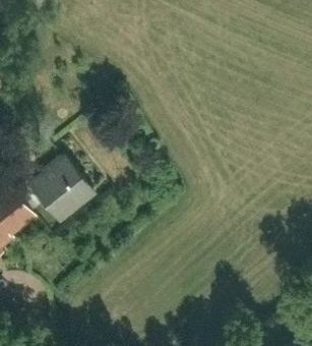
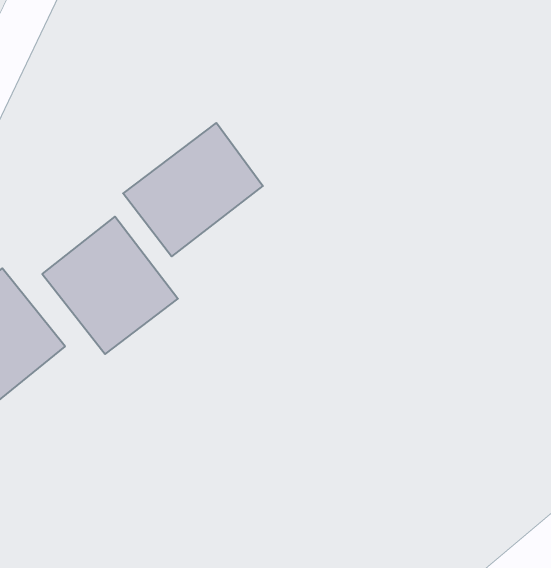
building: none -> [123,123,263,256]

